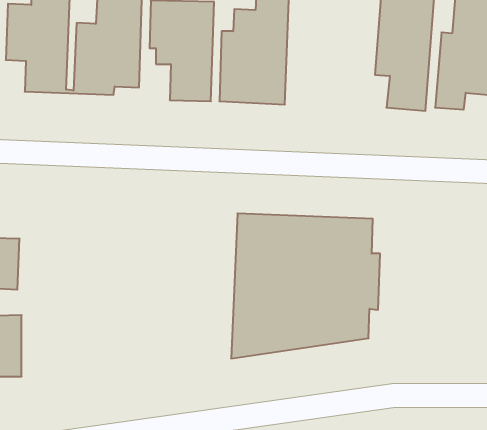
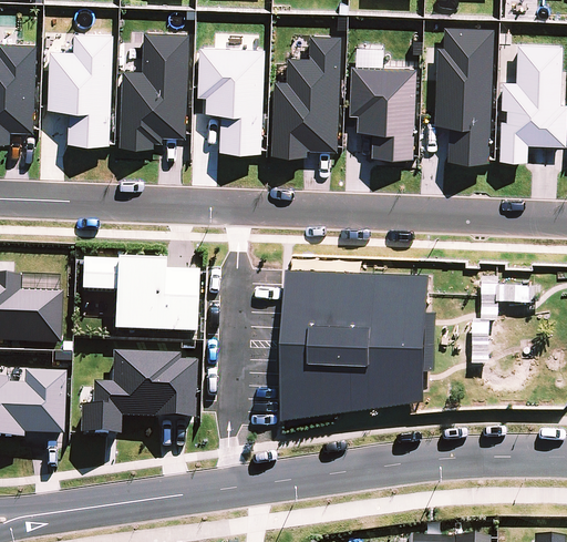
building: none -> [348,63,416,158]
building: none -> [80,263,197,338]
building: none -> [79,357,195,439]

